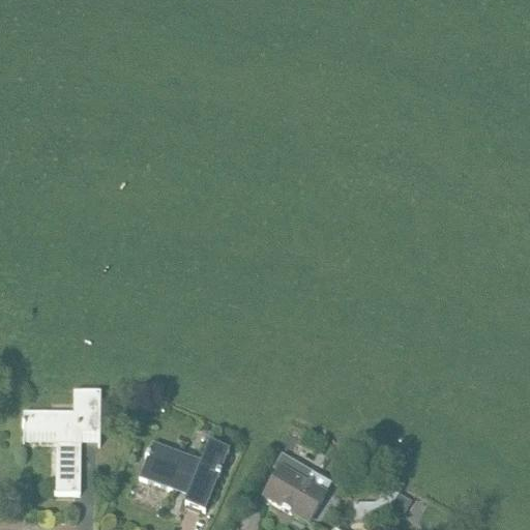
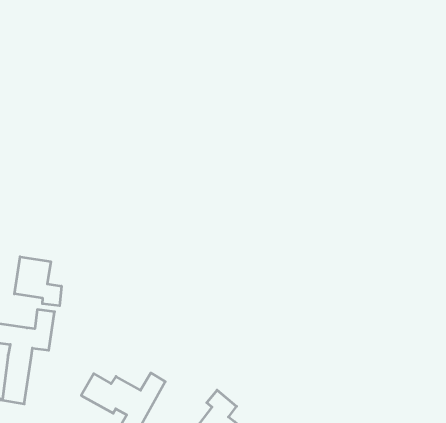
building: none -> [14,257,61,306]

